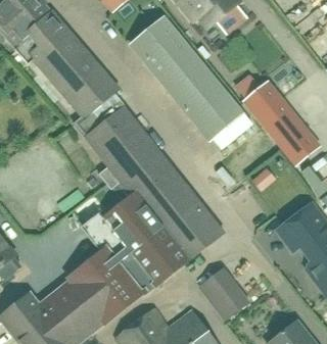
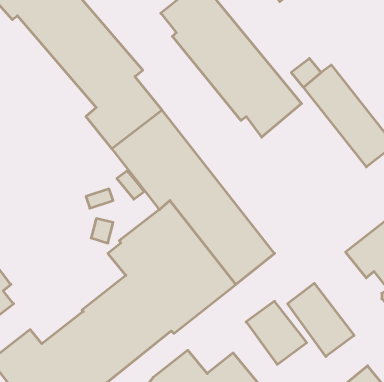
building: none -> [288,283,354,357]

